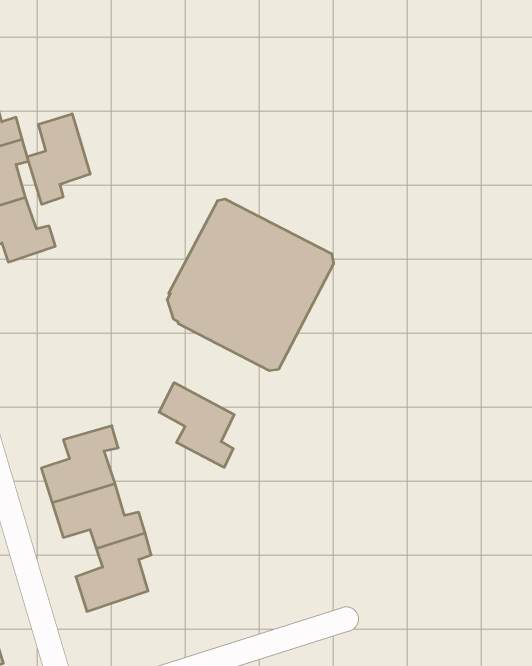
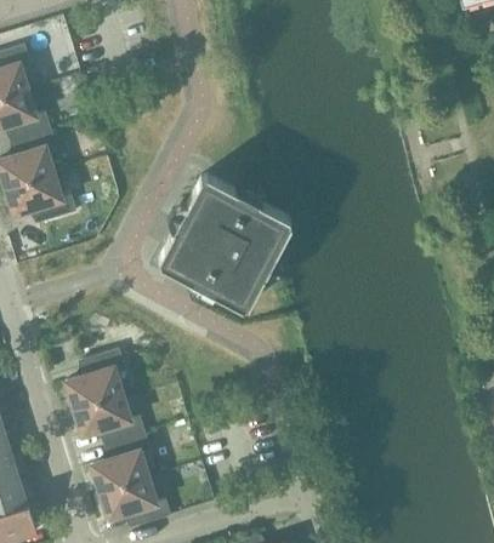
building: [27,114,90,204] -> none
building: [159,383,234,467] -> none
building: none -> [102,480,172,531]

